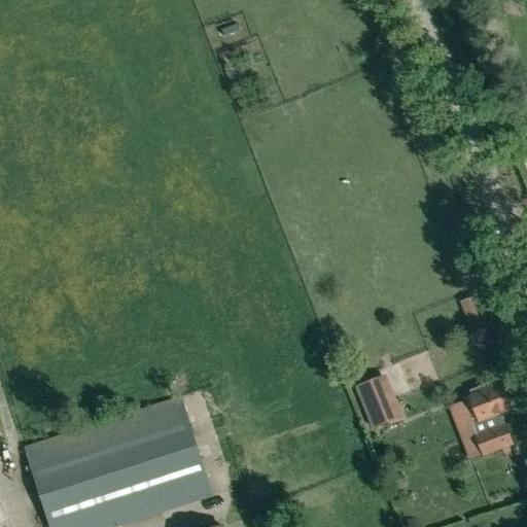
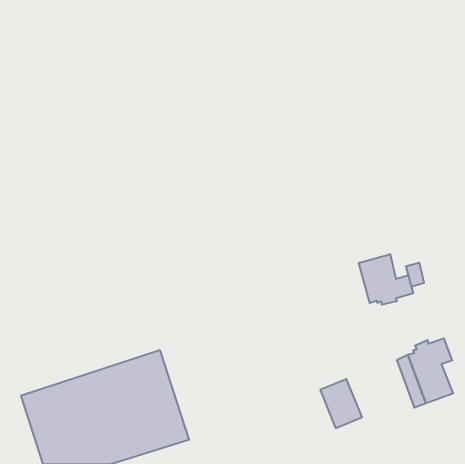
building: none -> [359,254,413,305]
building: [355,374,402,429] -> [320,379,362,428]

